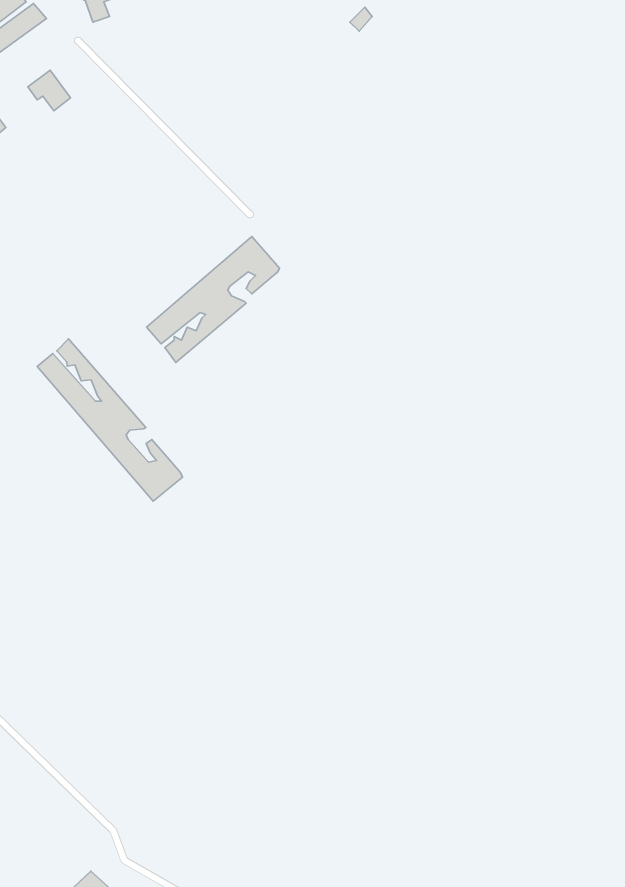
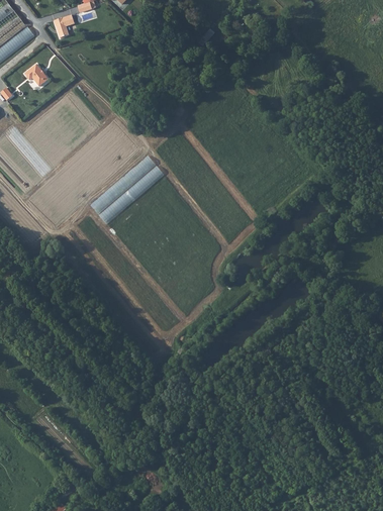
building: [37,339,182,501] -> none

